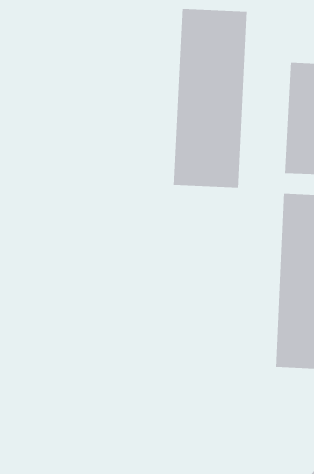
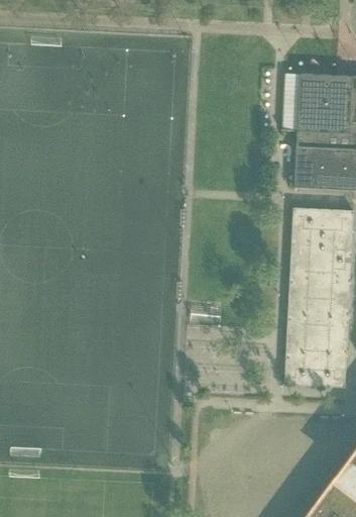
building: [173,8,248,188] -> none

